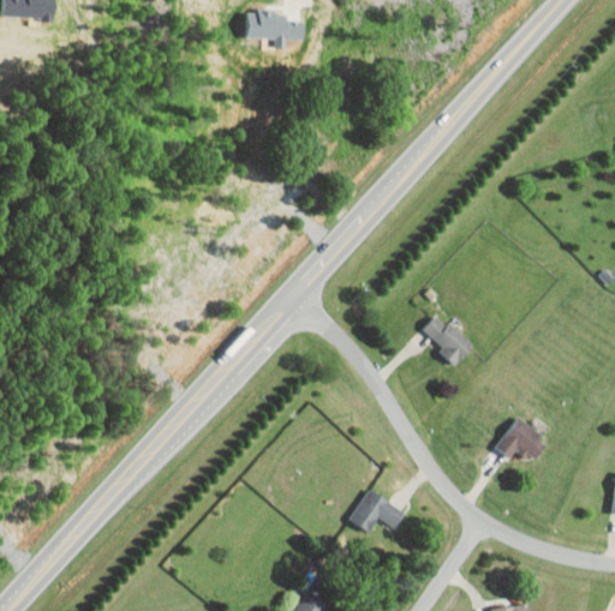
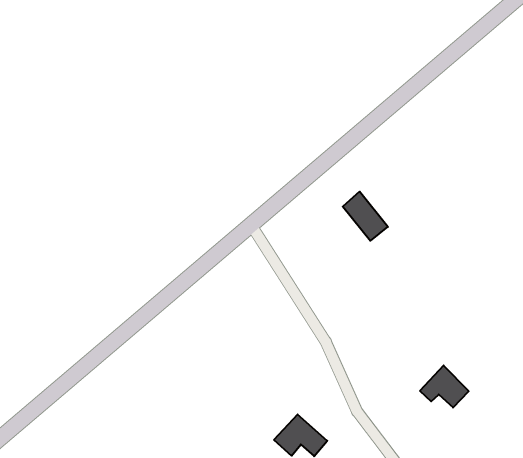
building: [420,315,471,365] -> [343,192,388,241]

